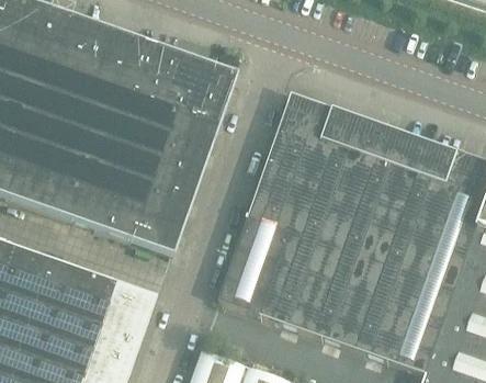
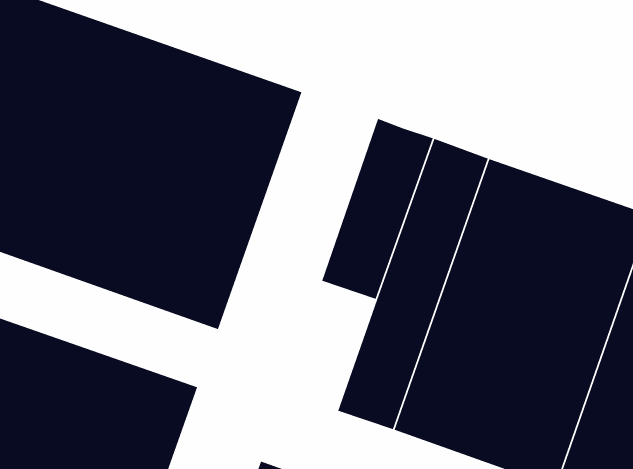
building: [218,214,290,313] -> none

